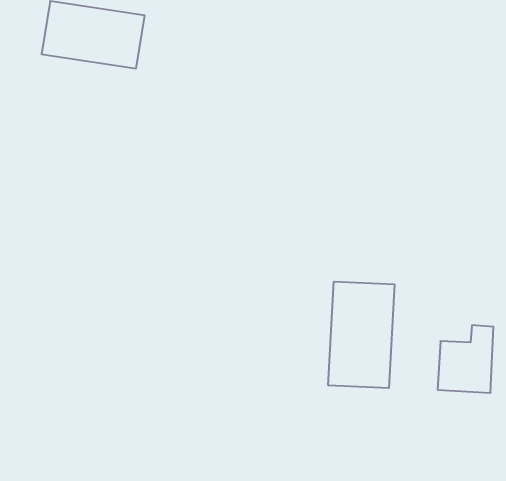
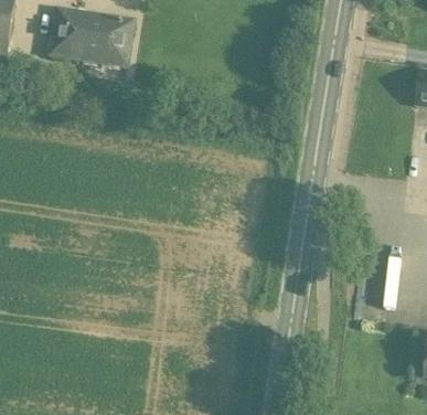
building: [328,282,394,388] -> none

